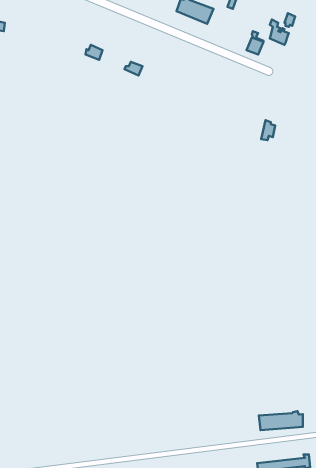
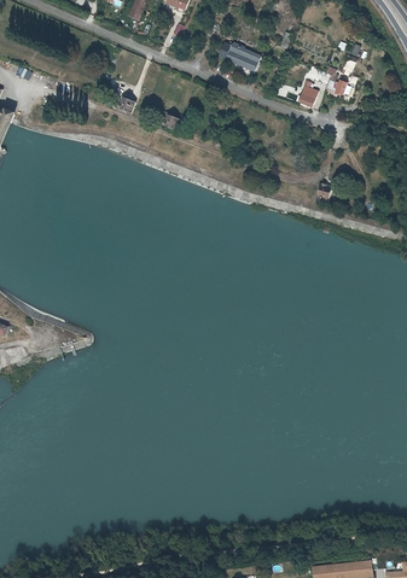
building: [259,411,303,430] -> none

